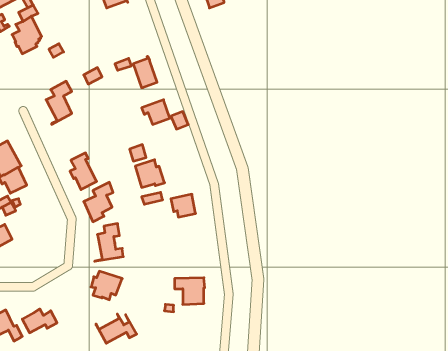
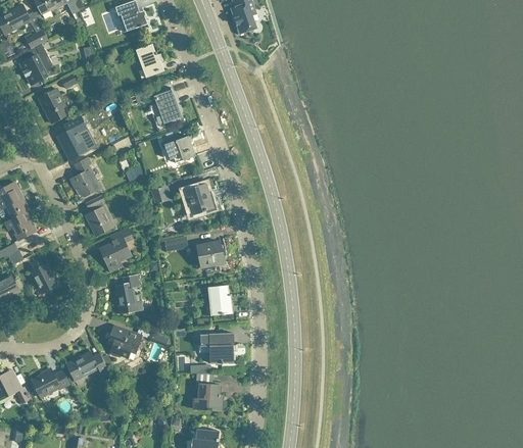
building: none -> [135,44,168,80]
building: none -> [38,89,69,123]
building: none -> [69,157,100,199]
building: [135,160,165,187] -> [184,184,217,214]
building: none -> [29,262,59,294]
building: none -> [207,285,232,315]
building: [96,314,137,343] -> [63,347,108,380]
building: none -> [197,384,222,410]

